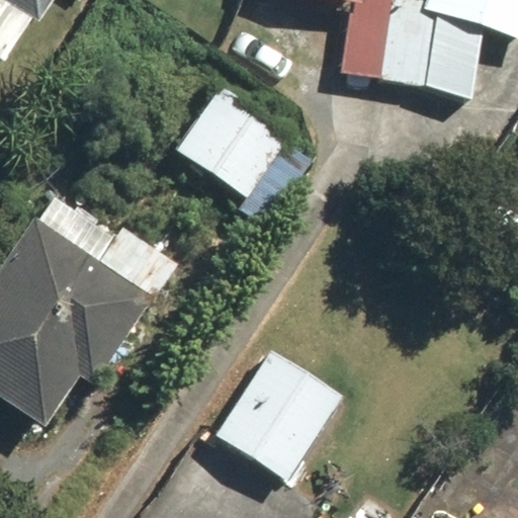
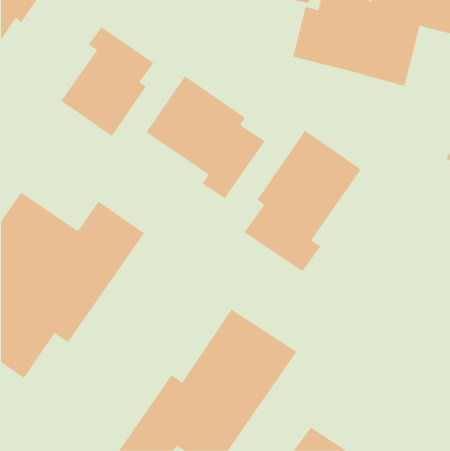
building: none -> [61,26,154,137]
building: none -> [244,130,362,272]

